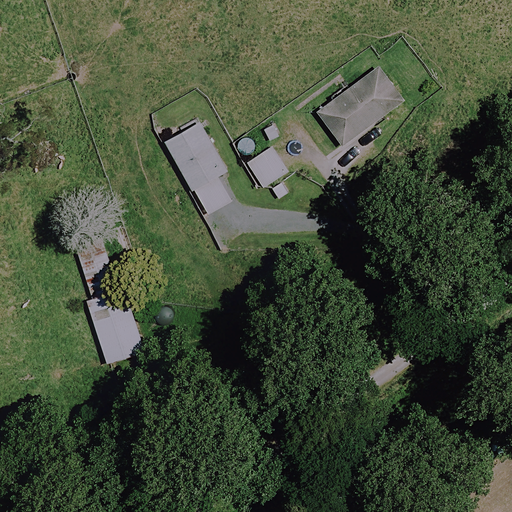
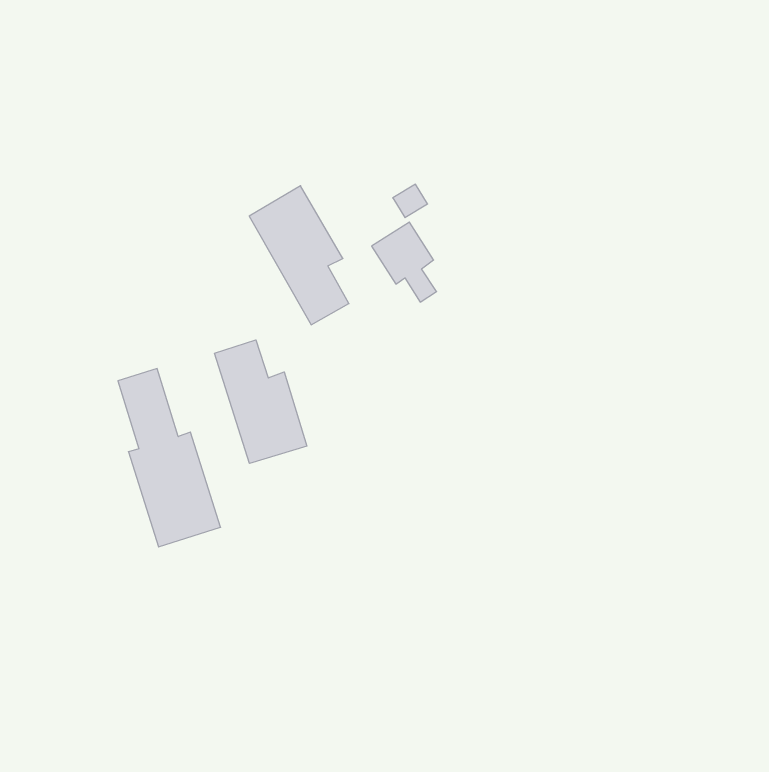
building: [316,66,403,147] -> none
building: none -> [215,340,307,463]

